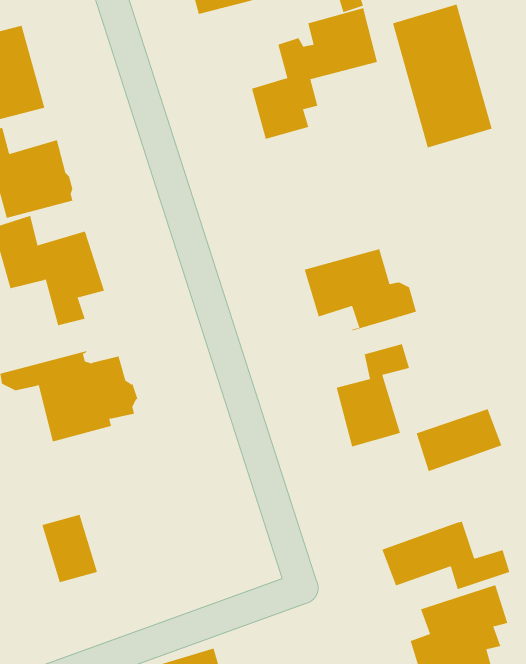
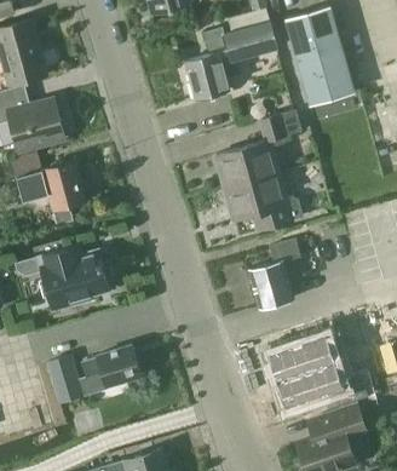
building: none -> [217,111,301,189]
building: [416,409,502,472] -> [270,338,329,381]
building: none -> [81,346,142,389]

